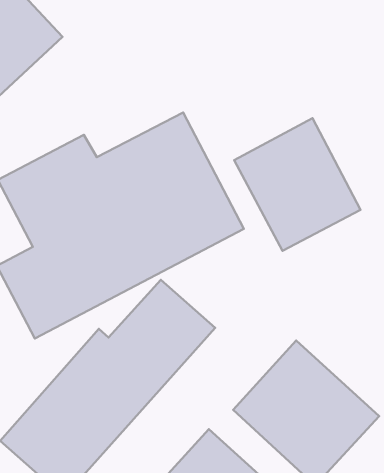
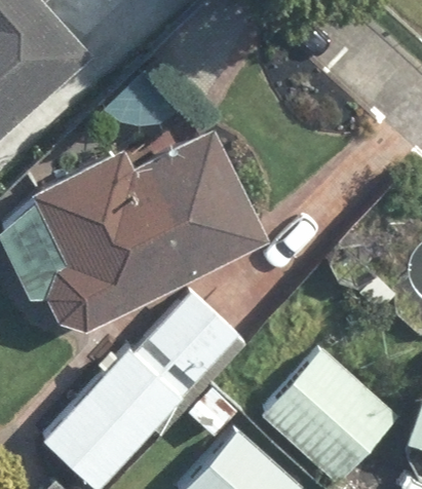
building: [234,118,361,251] -> none

